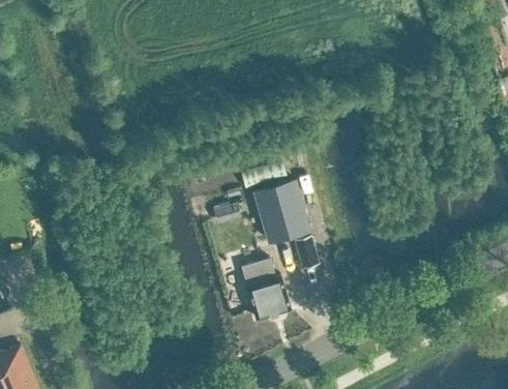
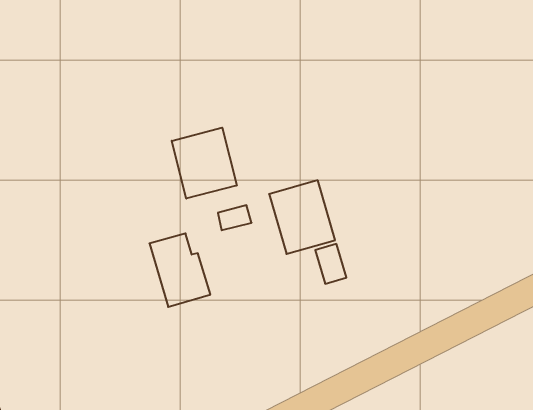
building: none -> [172,128,237,199]
building: [240,258,291,319] -> [149,233,210,307]

